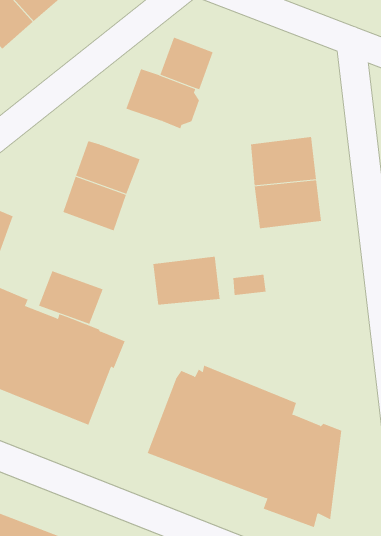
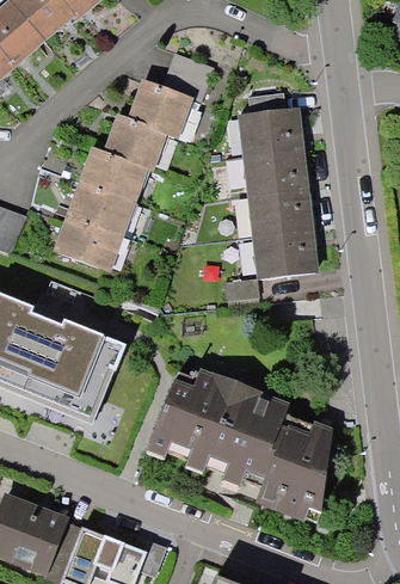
building: none -> [239,92,303,156]
building: none -> [103,119,161,173]
building: [153,256,221,305] -> [253,229,318,276]
building: [38,270,104,325] -> [54,221,116,272]

